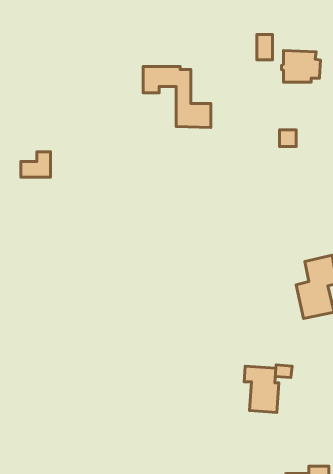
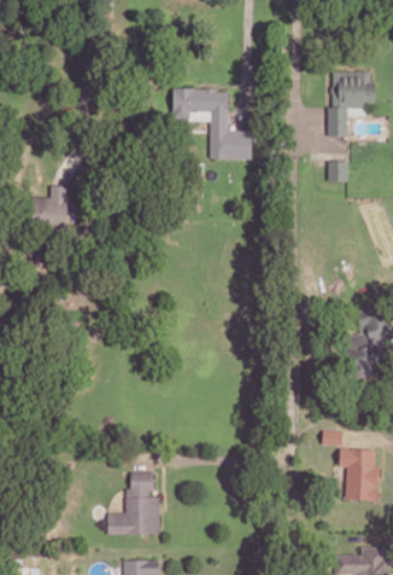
building: [257,35,273,60] -> [328,108,346,137]
building: [244,366,279,412] -> [339,448,379,501]
building: none -> [108,472,158,533]

